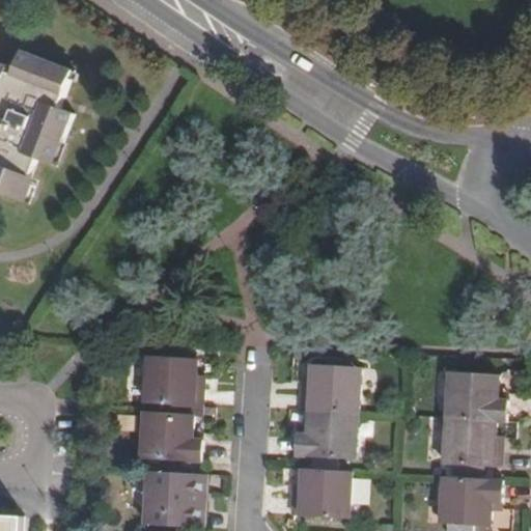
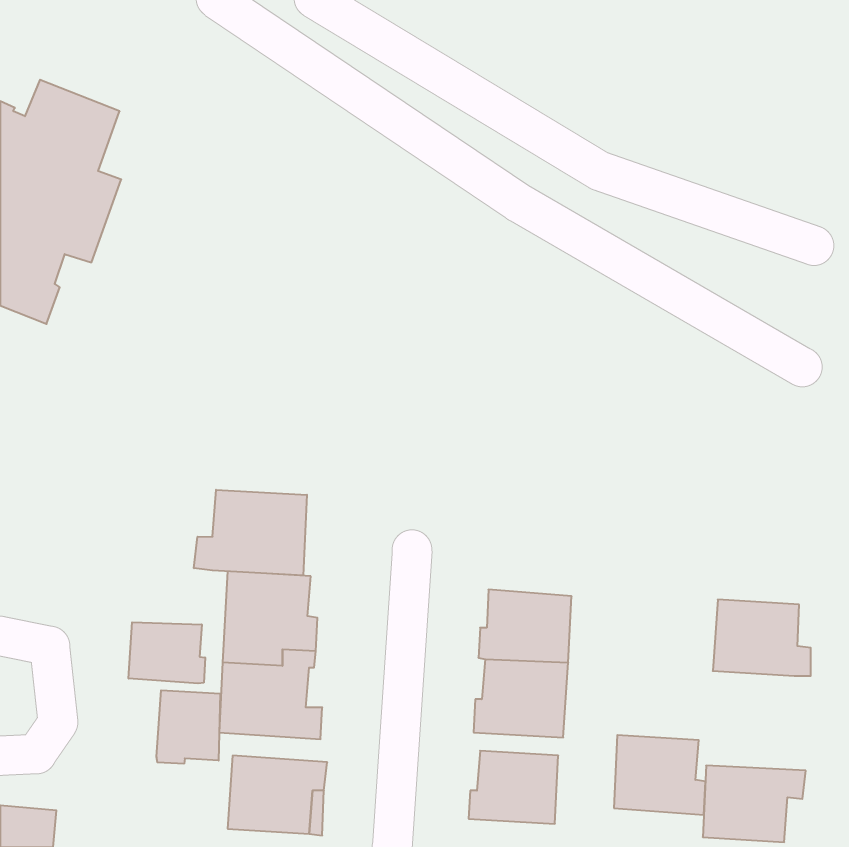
building: none -> [194,490,307,575]
building: none -> [129,622,205,683]
building: [443,419,500,469] -> [614,735,705,815]
building: none -> [157,690,220,764]

